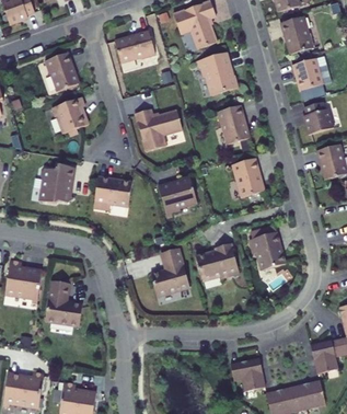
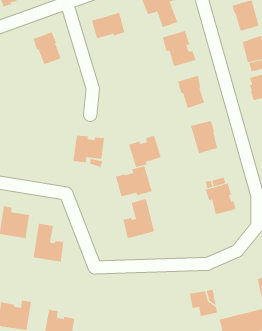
building: [53,97,89,134] -> none
building: [135,107,182,150] -> none
building: [37,165,72,204] -> none
building: [196,242,240,279] -> [115,165,152,197]

